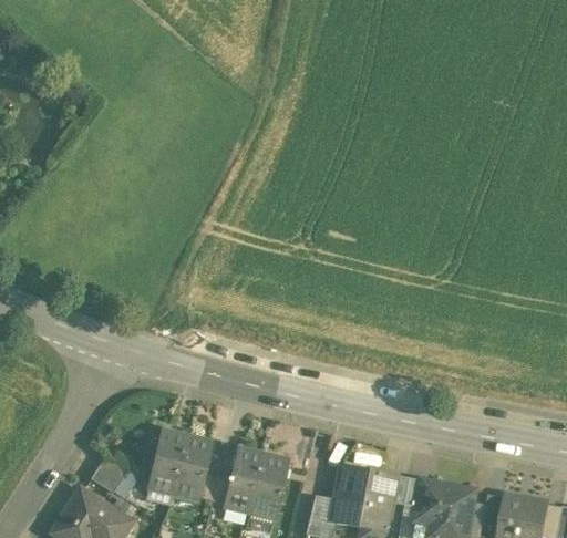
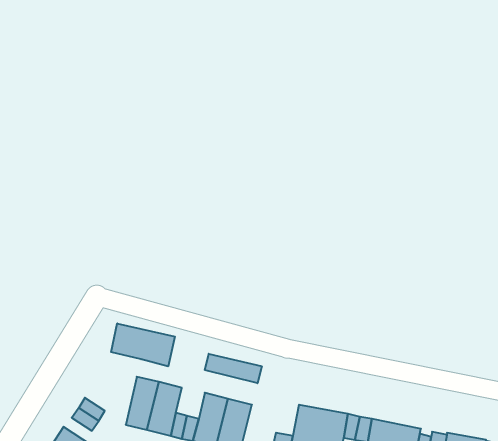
building: none -> [111,323,175,366]
building: none -> [205,354,262,383]

